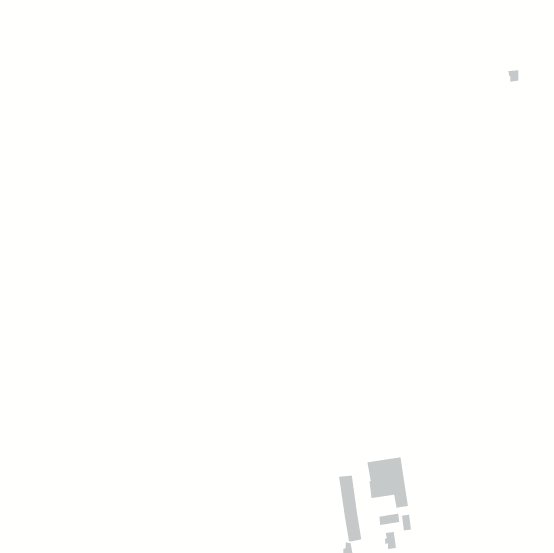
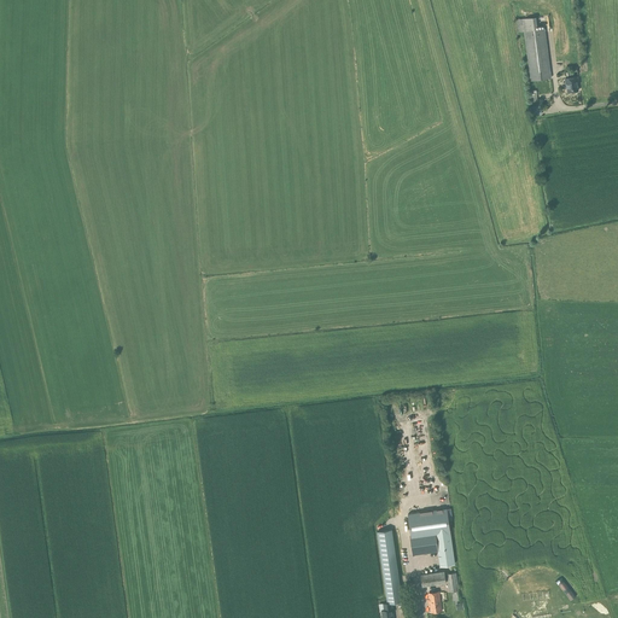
building: none -> [517,18,552,81]

